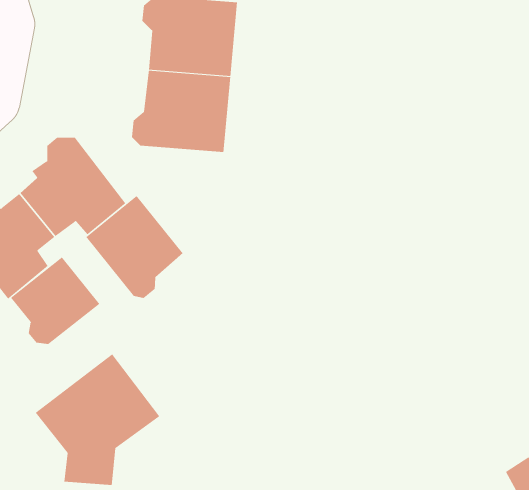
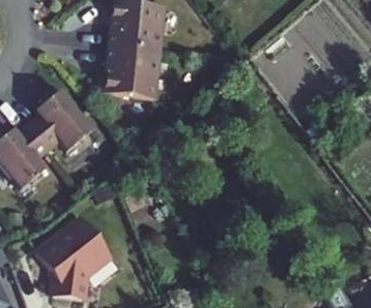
building: [85,195,184,299] -> none
building: [10,257,100,345] -> none

